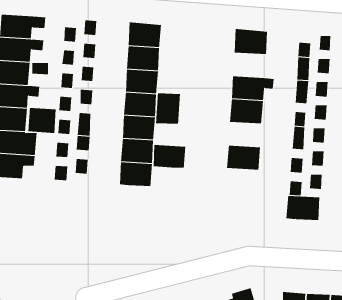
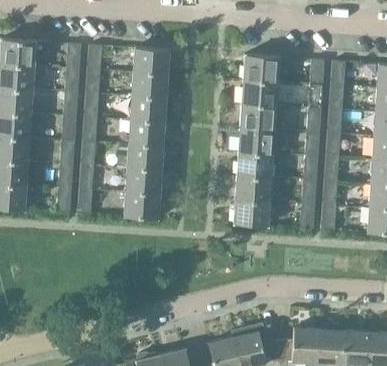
building: none -> [242,79,278,105]
building: [156,93,180,125] -> none
building: [28,107,56,134] -> none
building: none -> [238,151,280,177]
building: [153,144,186,169] -> none
building: [286,195,320,220] -> [234,199,270,225]

